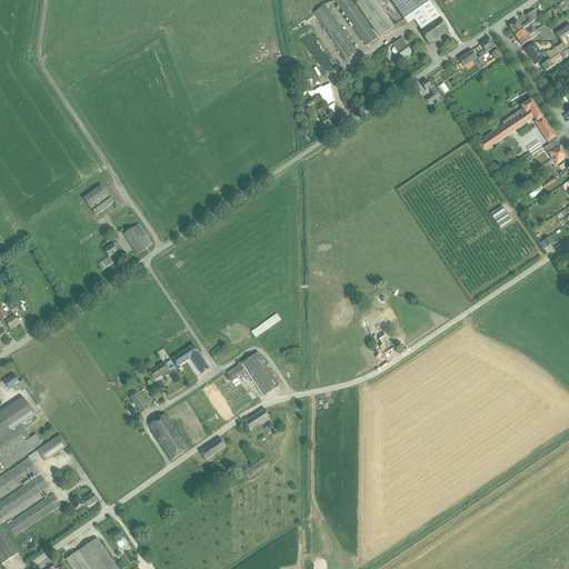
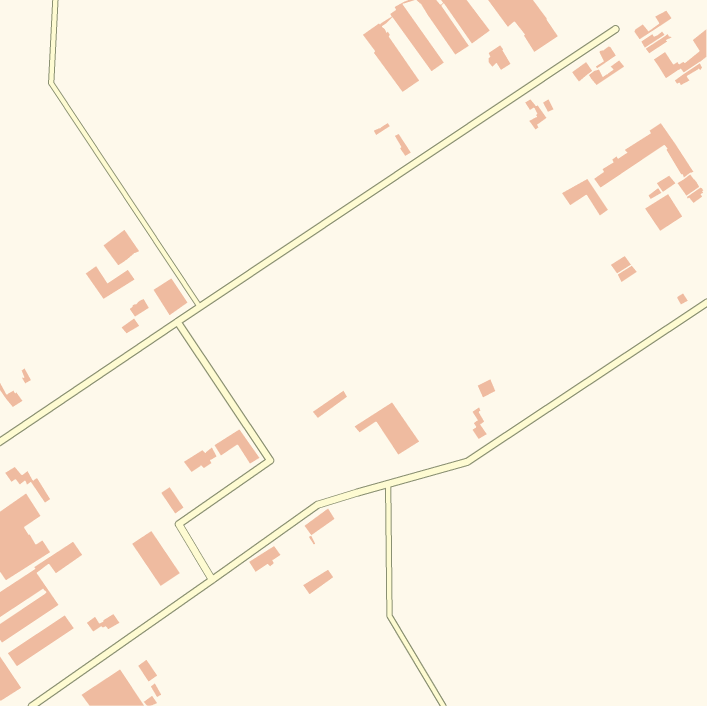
building: none -> [561,178,609,216]
building: none -> [644,193,683,232]
building: none -> [85,265,136,300]
building: [226,351,279,395] -> [354,401,420,456]
building: [147,412,187,458] -> [131,530,181,587]

